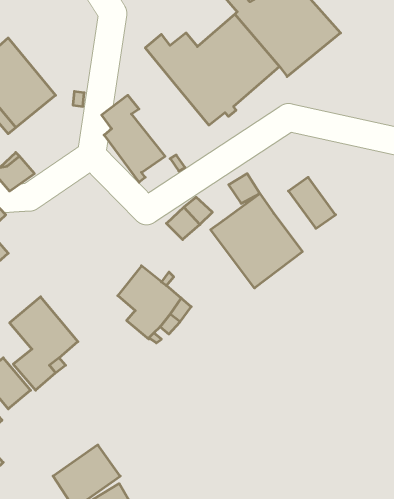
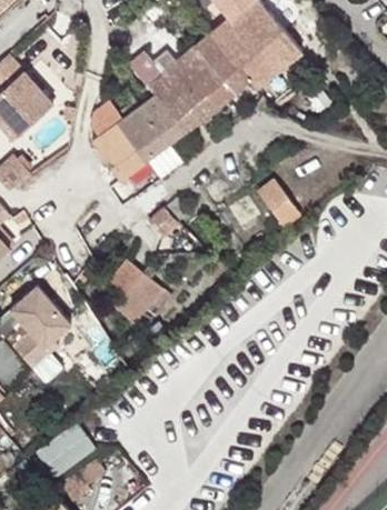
building: none -> [118,96,187,161]
building: [211,194,302,288] -> none

